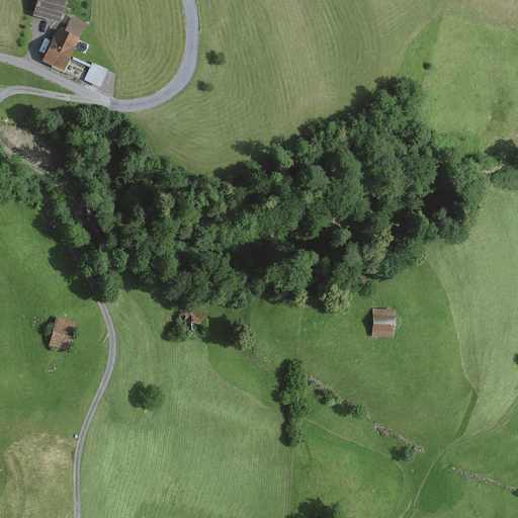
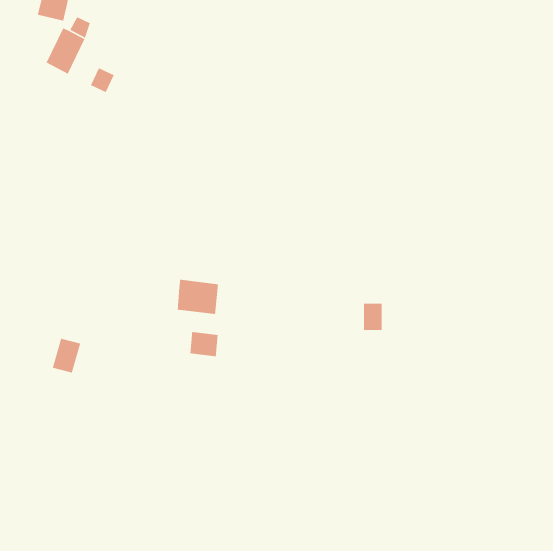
building: none -> [177,279,219,315]
building: [369,310,387,336] -> [363,303,383,331]

